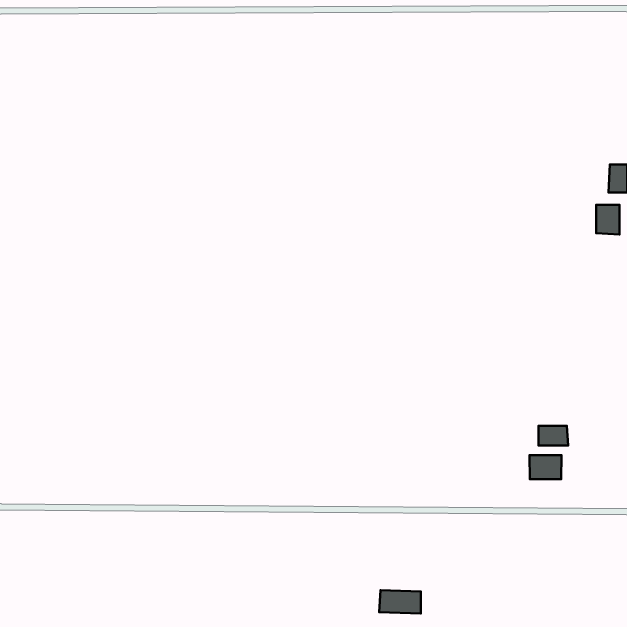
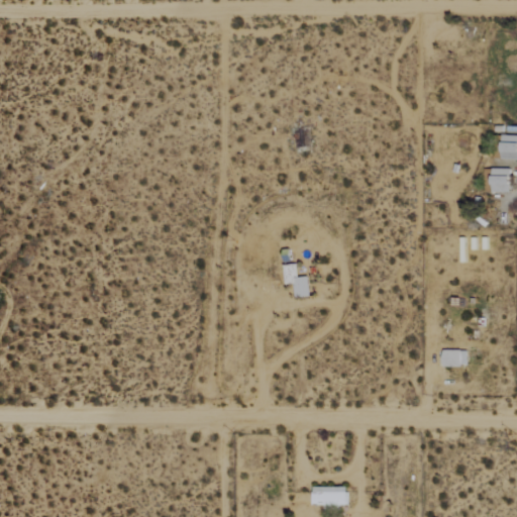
building: none -> [283,265,310,298]
building: [529,455,562,479] -> none

